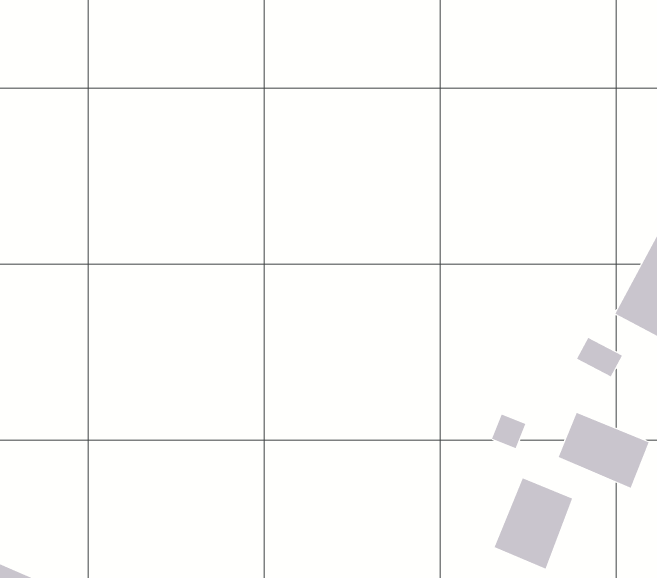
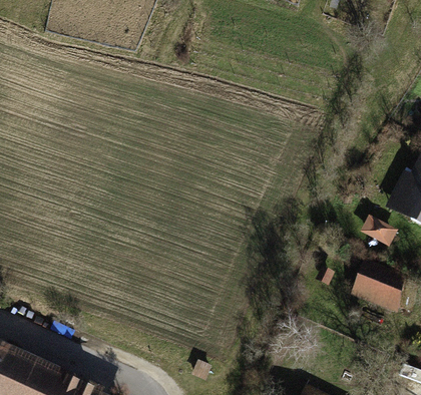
building: [494,478,573,569] -> none

